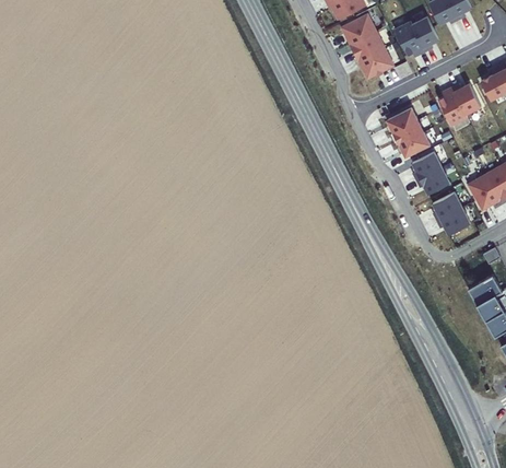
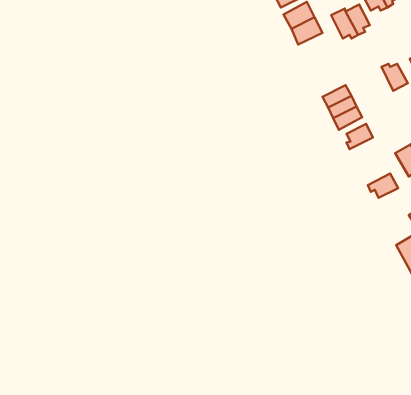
building: [357,49,393,80] -> none
building: [438,87,467,126] -> none
building: [415,167,449,195] -> none
building: [432,192,461,221] -> none

